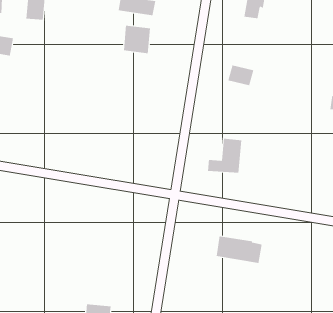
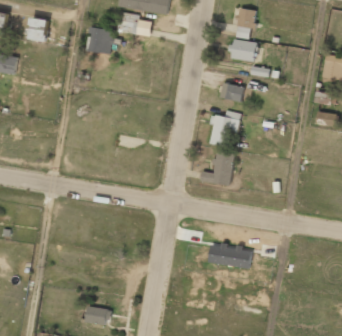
building: none -> [231,39,256,61]
building: [123,25,151,54] -> [88,27,114,54]
building: none -> [208,110,241,147]

